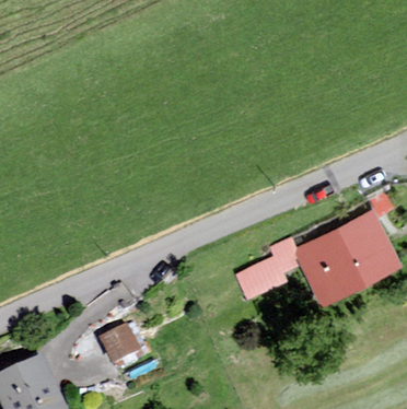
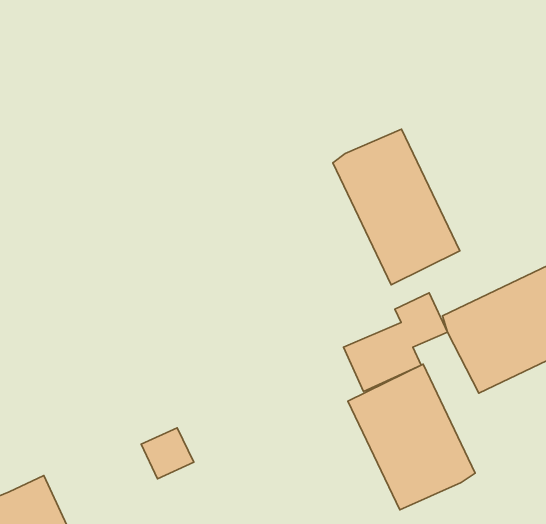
building: none -> [333,129,460,285]
building: none -> [348,364,475,510]

